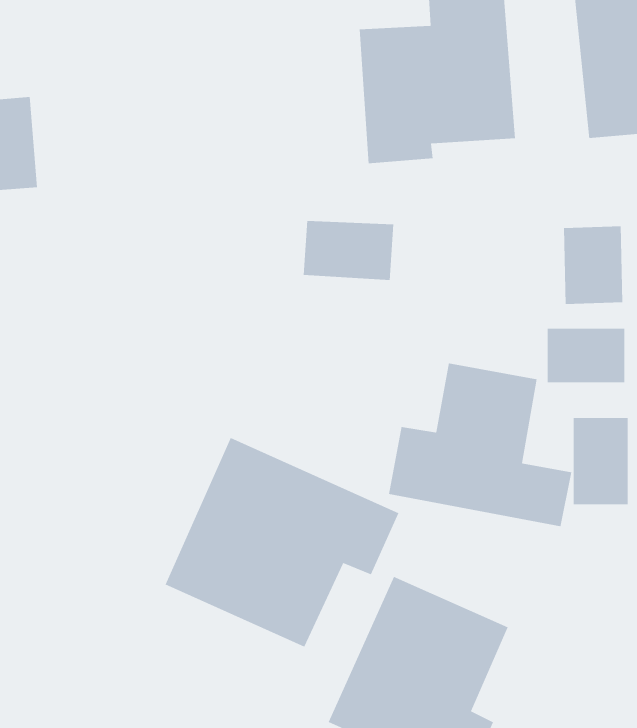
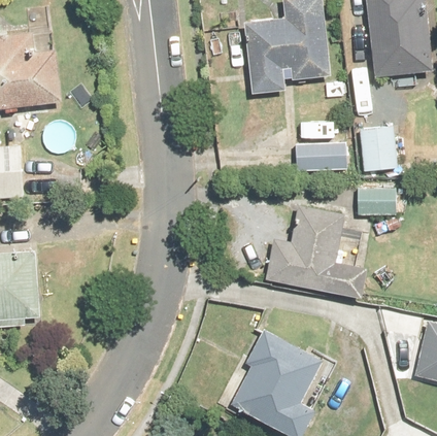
building: [303,220,394,281] -> [294,141,345,175]
building: [573,417,628,505] -> none
building: [165,437,399,648] -> none

